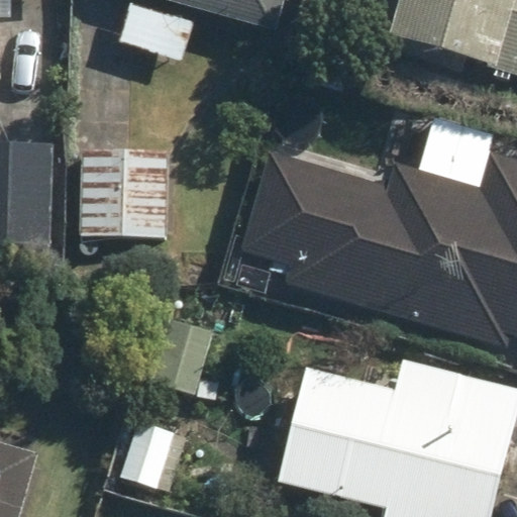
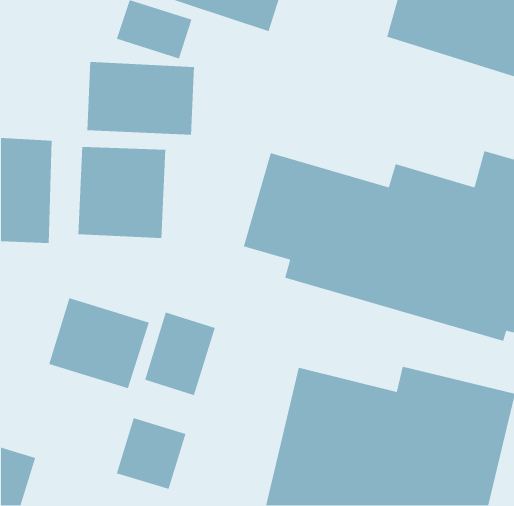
building: none -> [86,61,195,135]
building: none -> [48,297,150,389]

